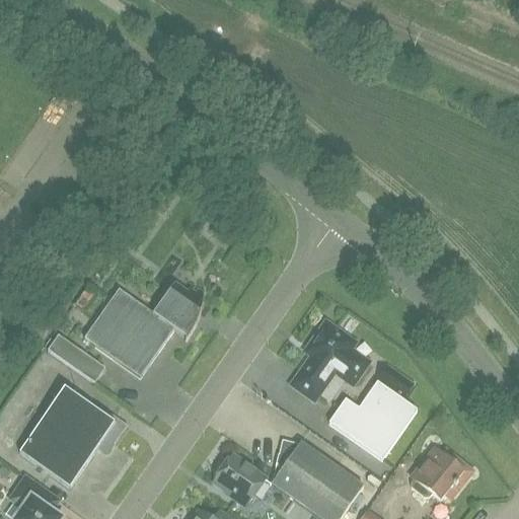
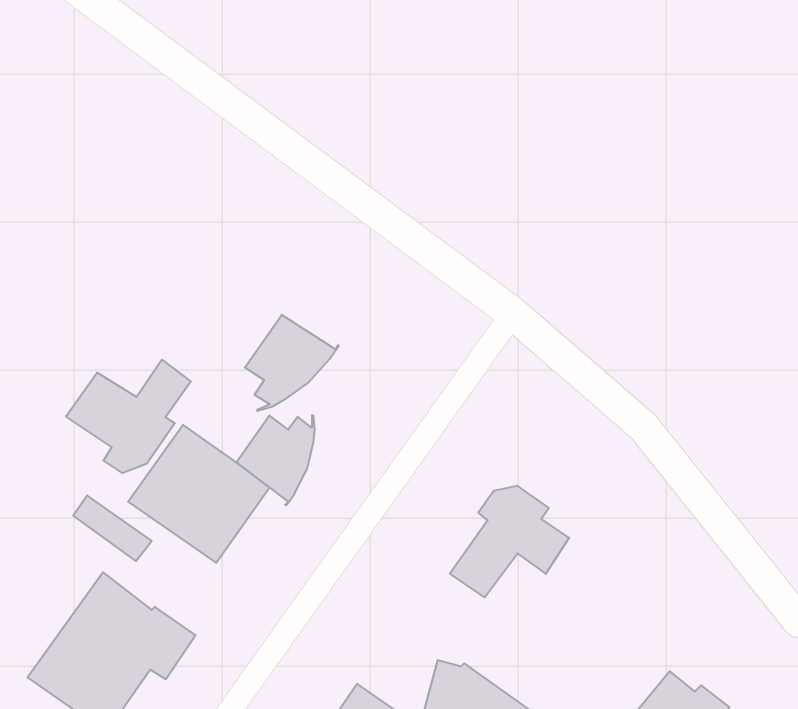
building: none -> [245,315,338,411]
building: none -> [66,360,191,473]
building: [328,381,417,459] -> none

